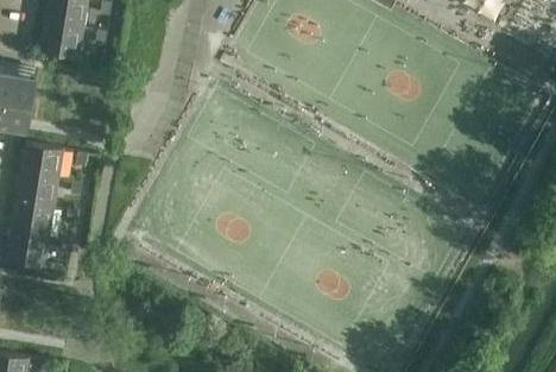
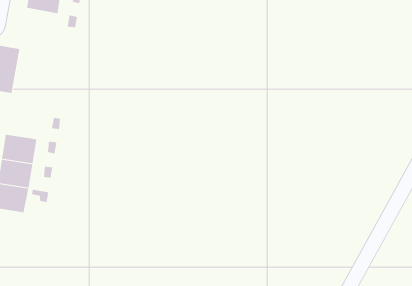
building: [39,24,82,59] -> none
building: [19,145,62,181] -> none

